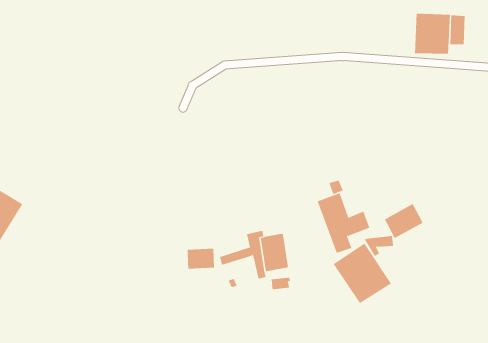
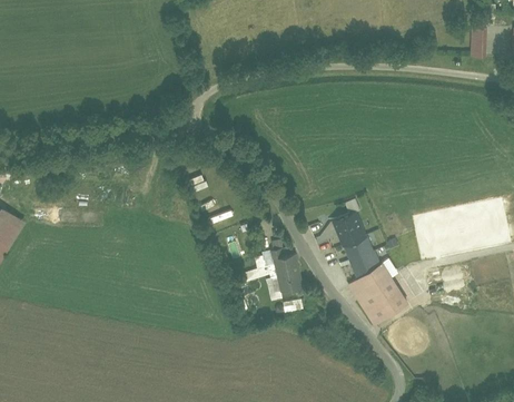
building: [415,13,451,55] -> none
building: [384,203,423,239] -> none
building: [187,248,214,269] -> none

